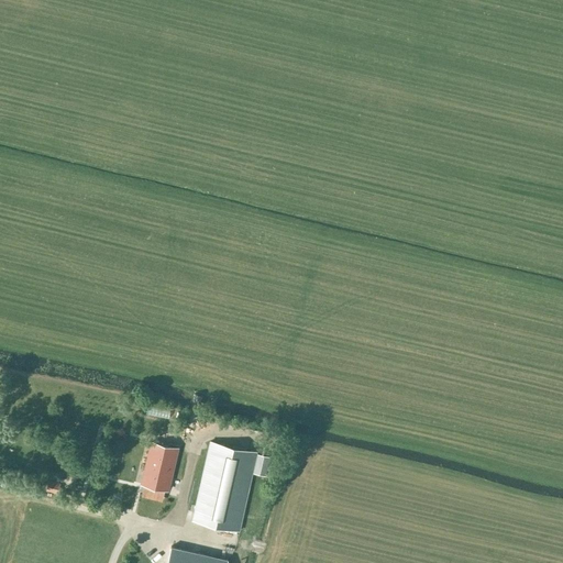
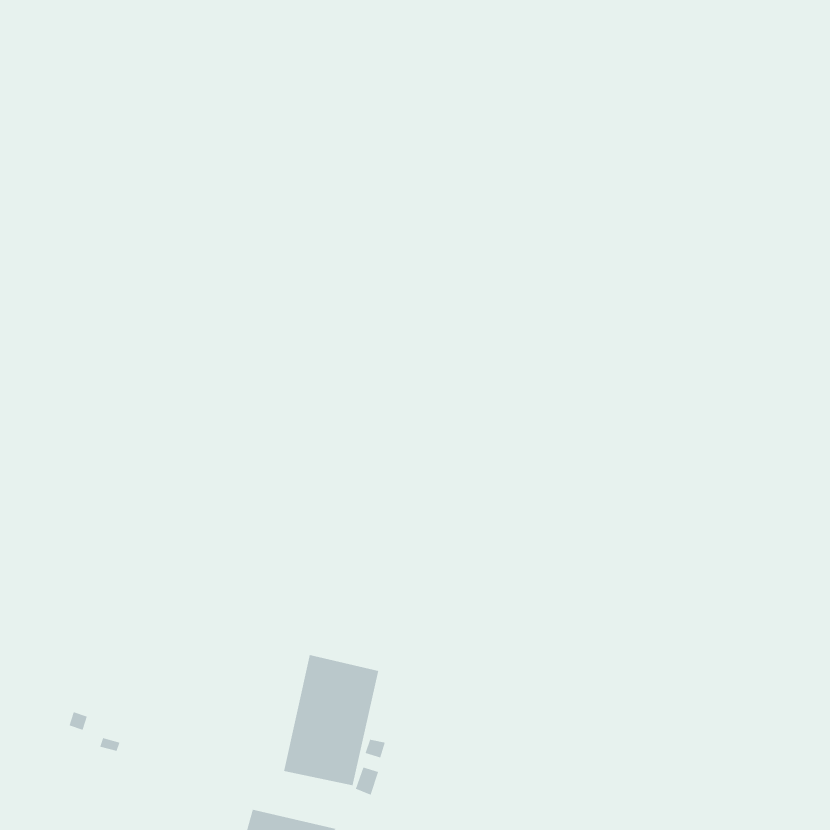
building: [142,444,177,493] -> none

